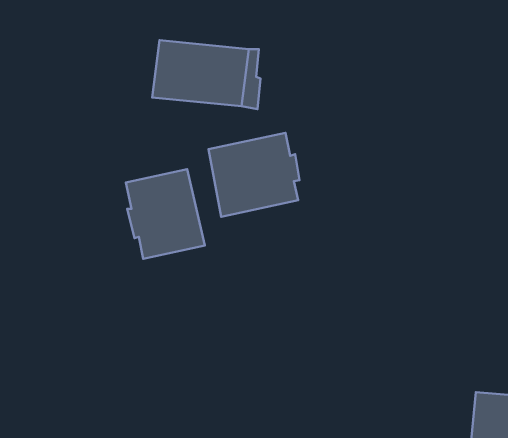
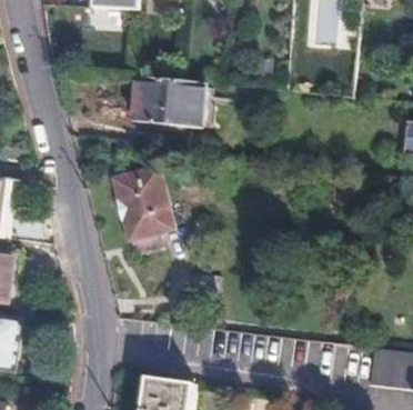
building: [208,133,300,217] -> none

